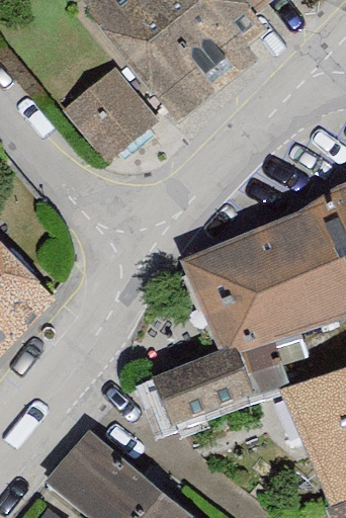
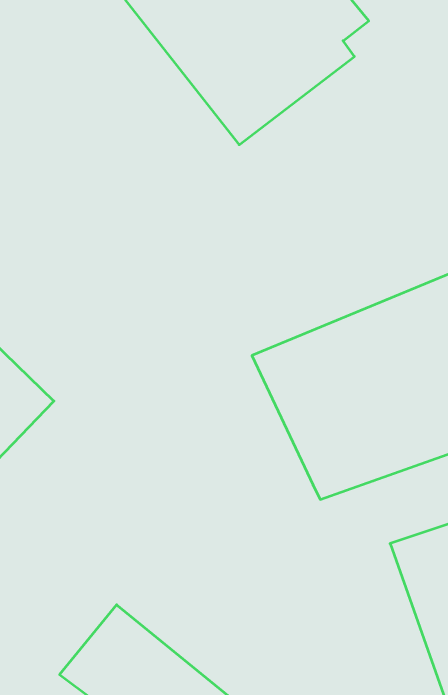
building: [62,53,159,151] -> none
building: [160,347,285,424] -> none

